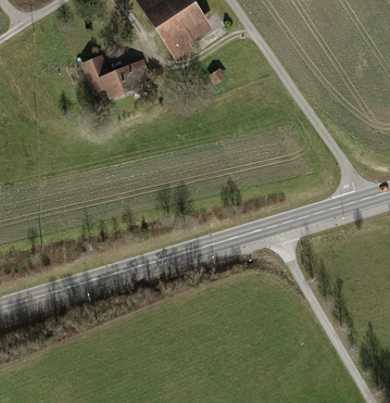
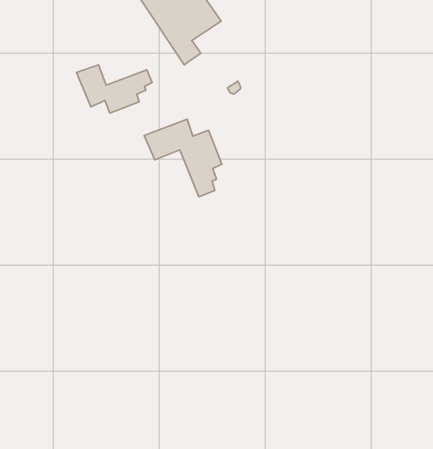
building: none -> [144,119,222,197]

